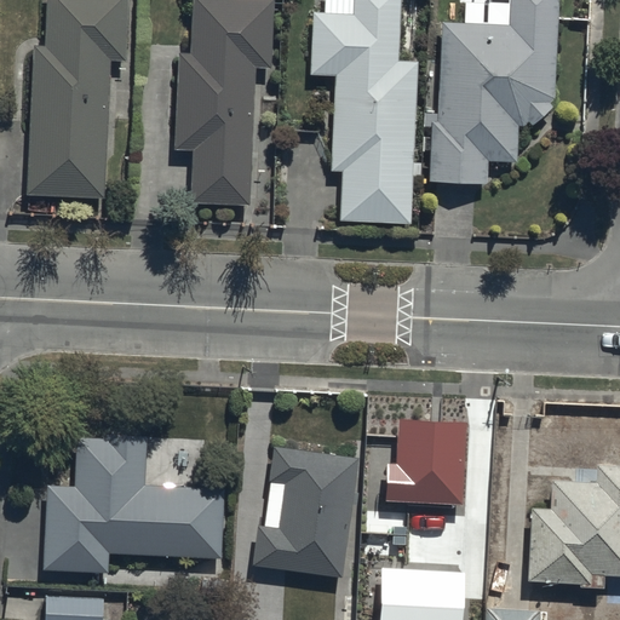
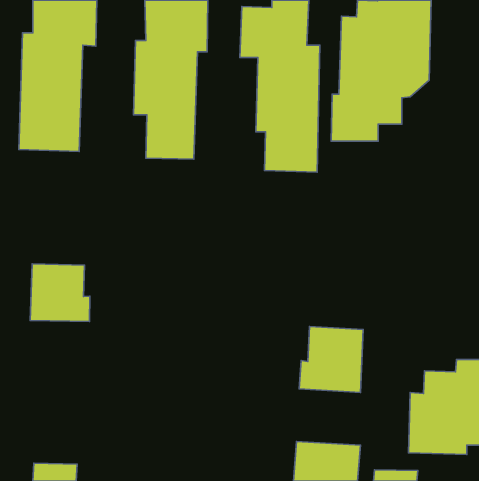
building: none -> [30,264,90,322]
building: [48,442,228,575] -> none
building: [251,443,356,576] -> none

